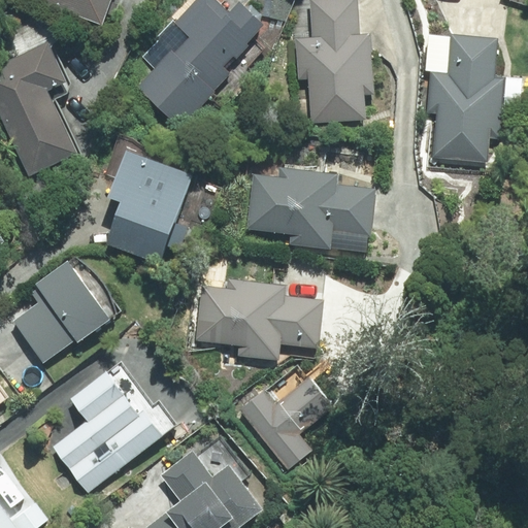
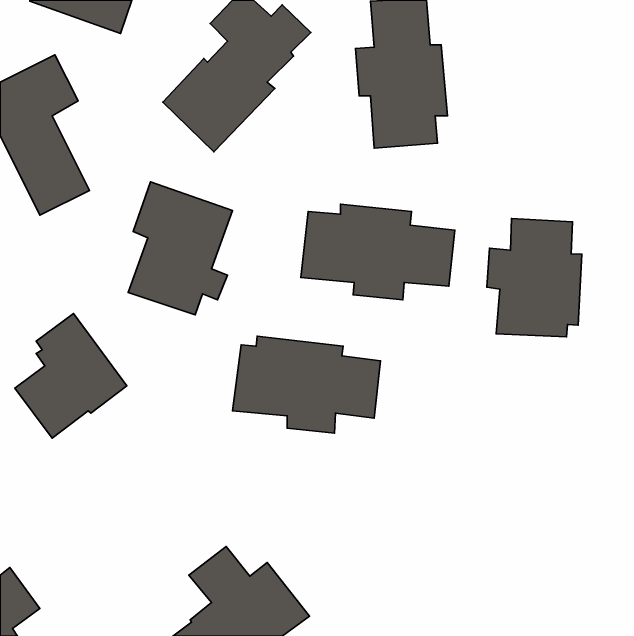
building: [430,39,503,163] -> none
building: none -> [487,218,582,337]
building: [59,373,160,488] -> none
building: [237,378,328,468] -> none

